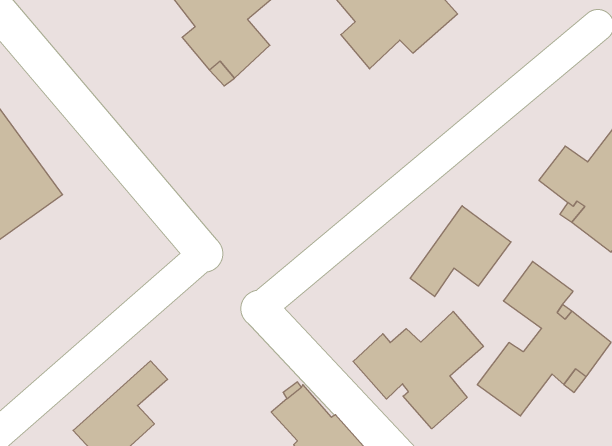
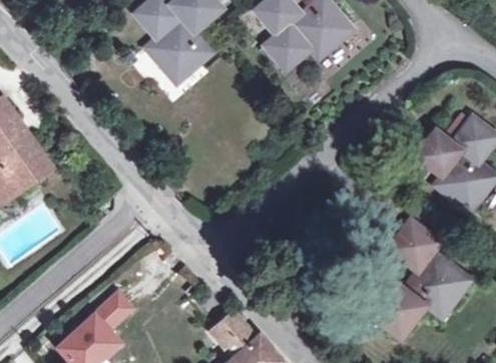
building: [410,206,511,297] -> none
building: [353,311,483,429] -> none

